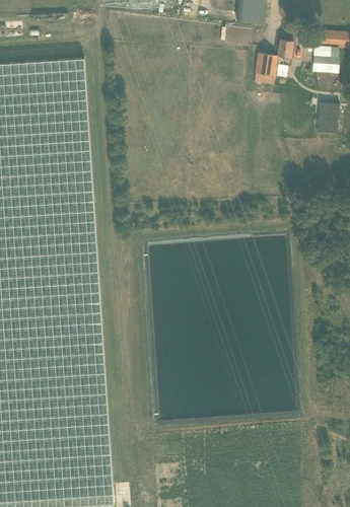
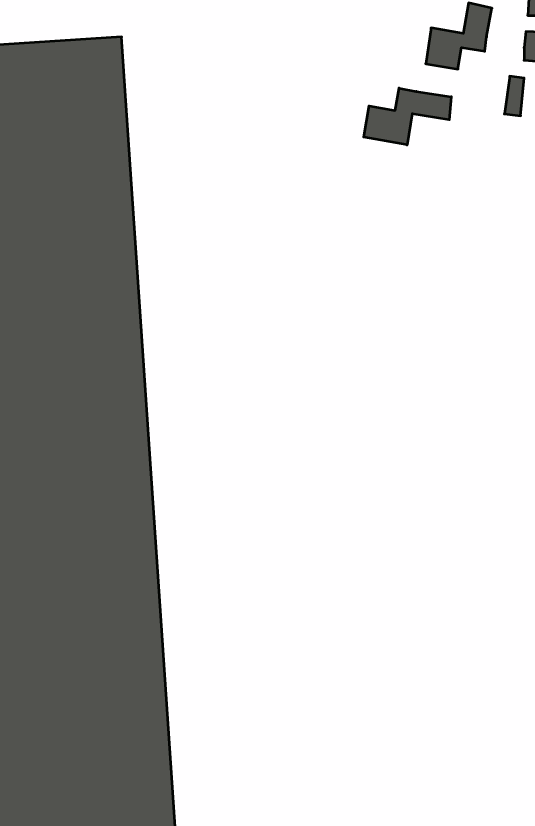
building: none -> [364,88,451,145]

